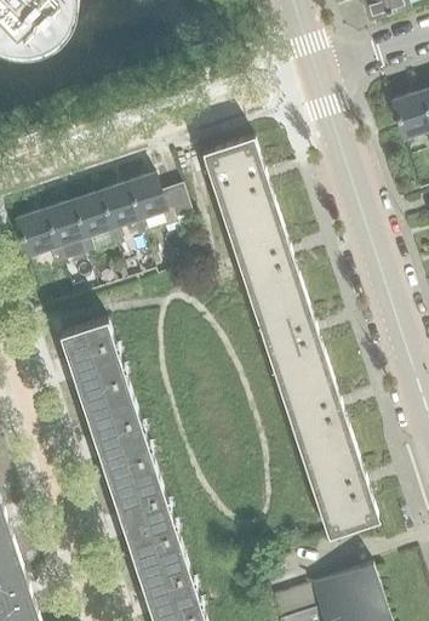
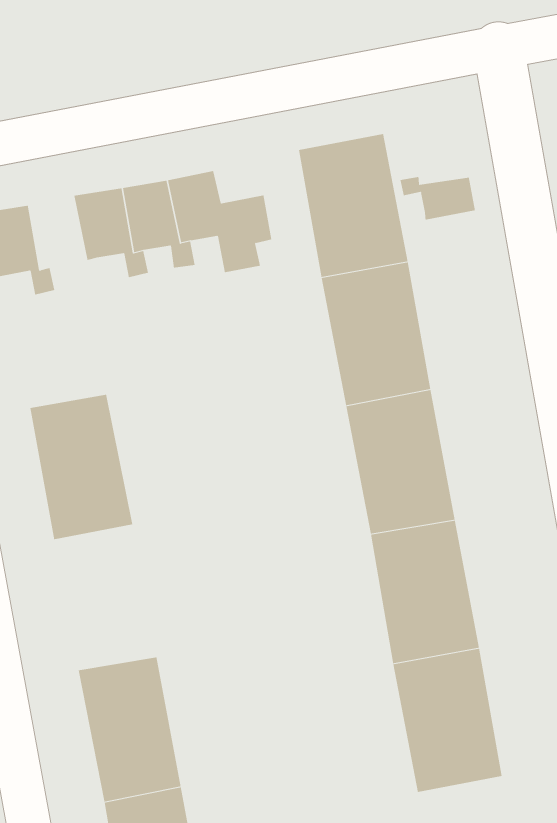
building: none -> [400,176,475,220]
building: [42,199,93,255] -> none
building: [85,395,158,489] -> none

